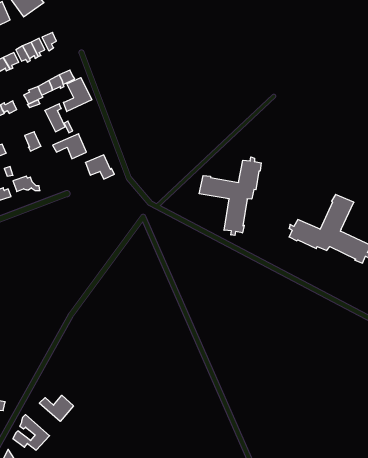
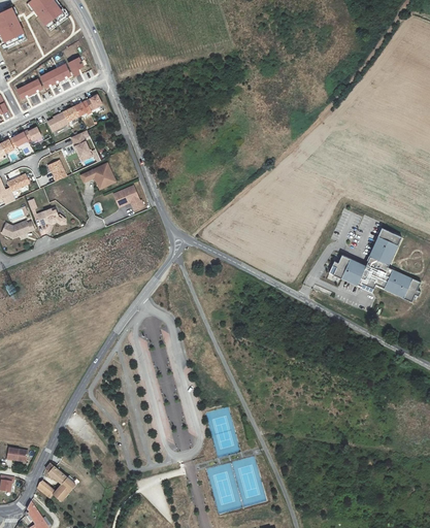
building: [63,78,92,112] -> none
building: [199,157,261,235] -> none
building: [39,395,73,421] -> none

